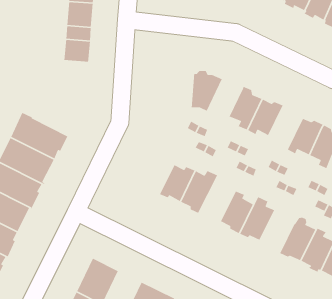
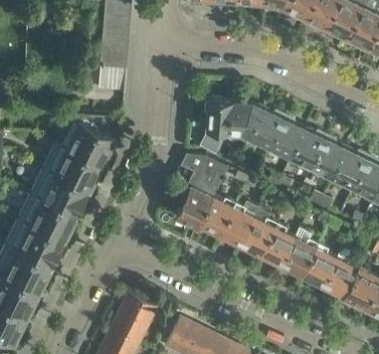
building: none -> [199,99,233,154]
building: none -> [247,108,285,147]
building: none -> [55,114,117,167]
building: none -> [311,135,346,181]
building: none -> [176,154,227,227]
building: none -> [238,208,276,255]
building: none -> [302,243,337,289]

